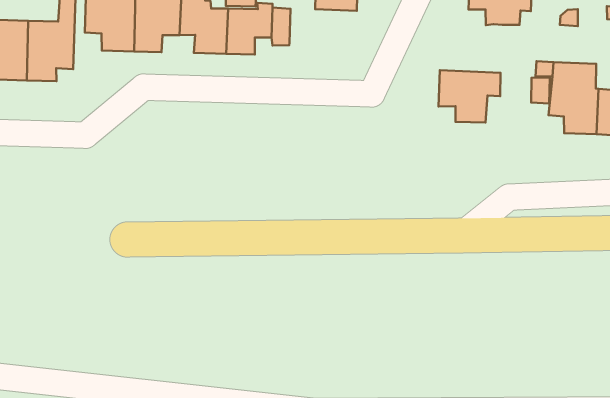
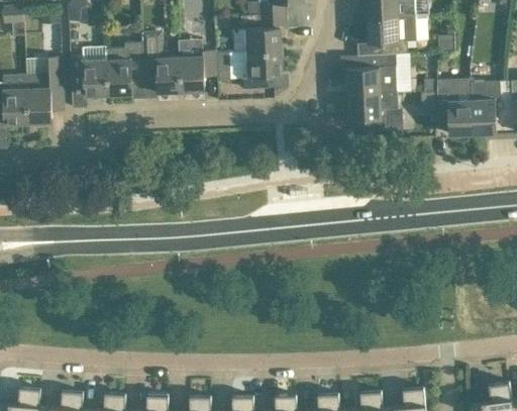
building: none -> [242,49,282,88]
building: none -> [347,53,396,91]

